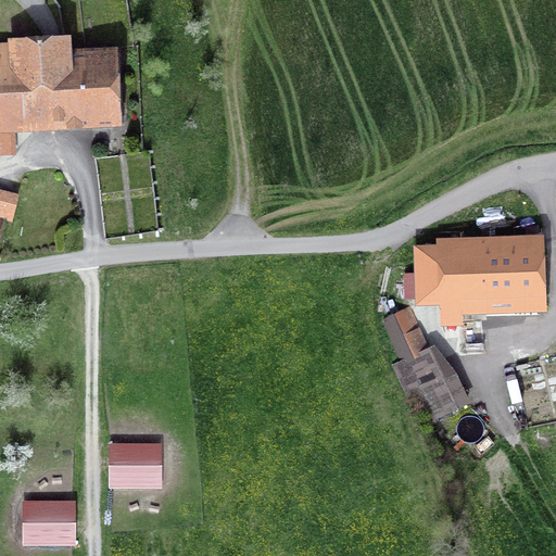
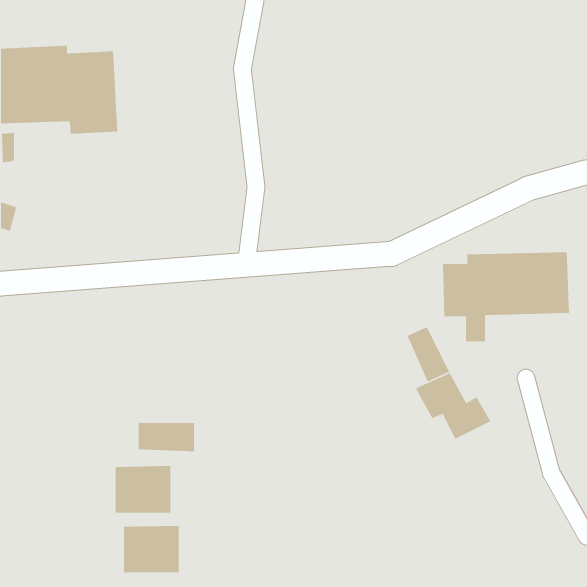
building: none -> [138,422,195,452]
building: [23,501,76,546] -> [123,525,180,573]

